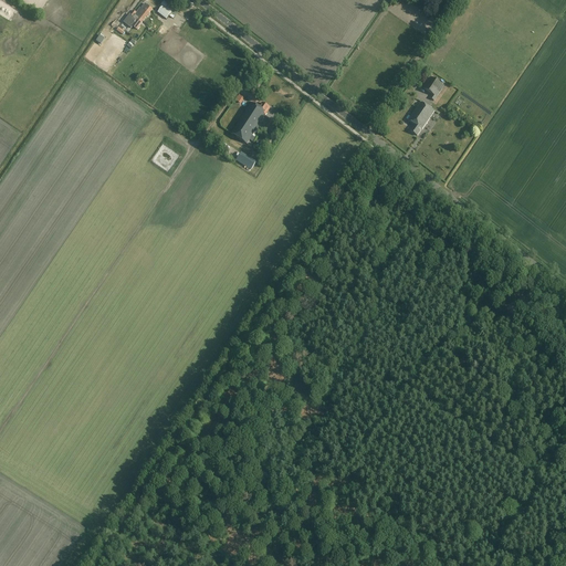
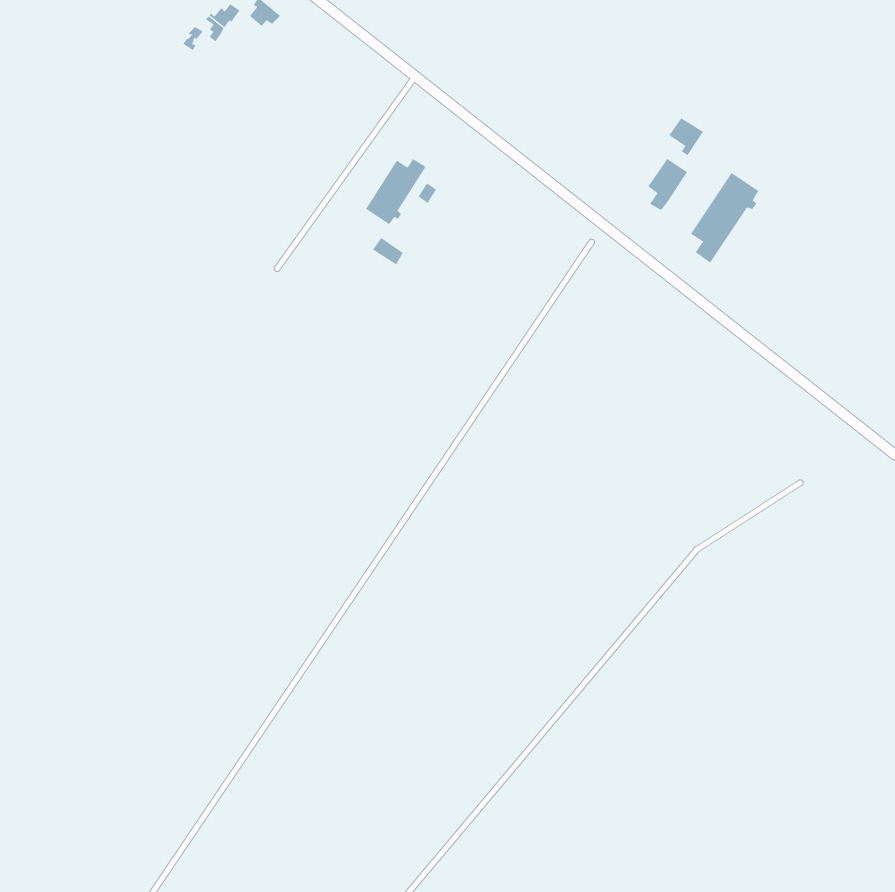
building: none -> [690,172,759,263]

